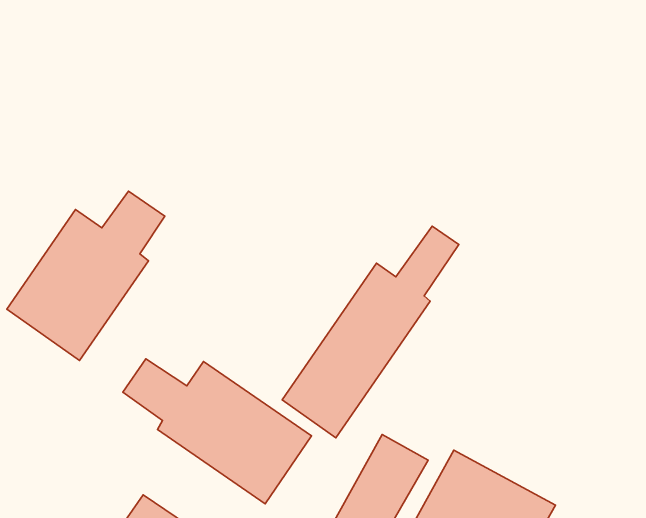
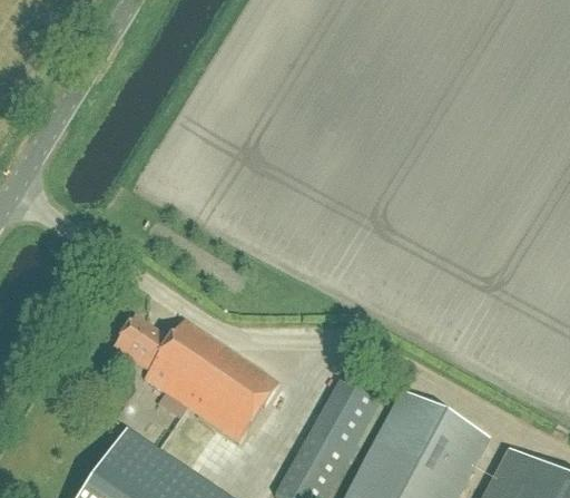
building: [7,191,165,360] -> none
building: [282,226,459,438] -> none

